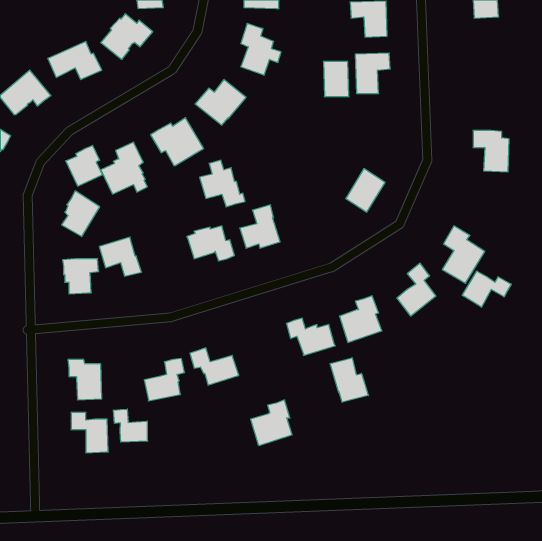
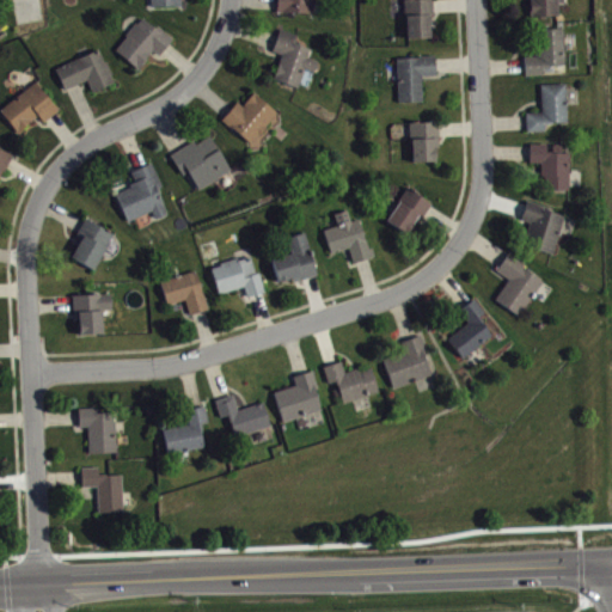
building: none -> [528,32,568,79]
building: [323,62,349,97] -> [414,127,442,166]
building: none -> [530,87,570,136]
building: [66,145,102,186] -> none
building: [200,160,245,207] -> [323,209,374,262]
building: none -> [524,208,568,257]
building: [99,237,142,276] -> [160,269,208,313]
building: [462,271,511,307] -> none
building: [330,358,368,402] -> none
building: [251,400,292,446] -> [274,369,320,421]
building: [114,409,147,442] -> none

